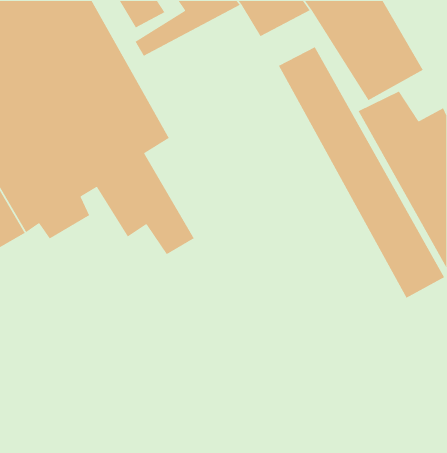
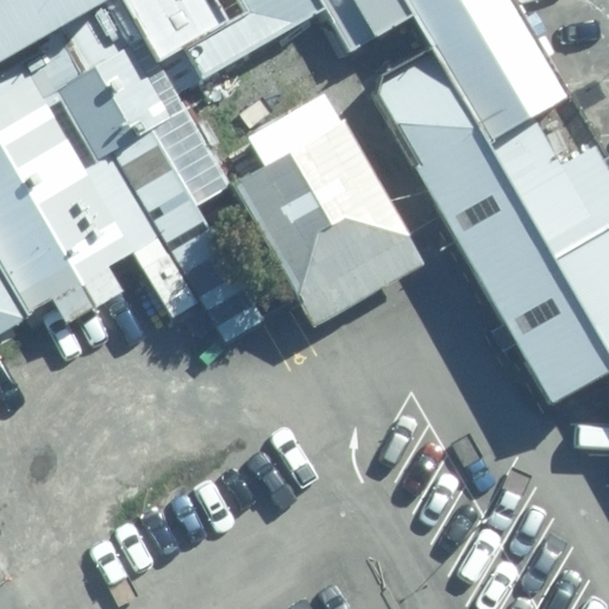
building: none -> [236,92,429,325]

